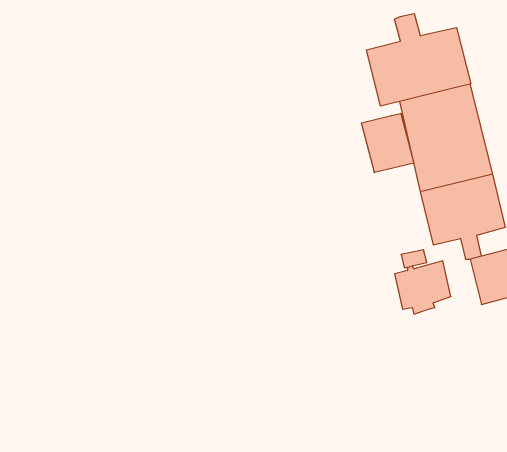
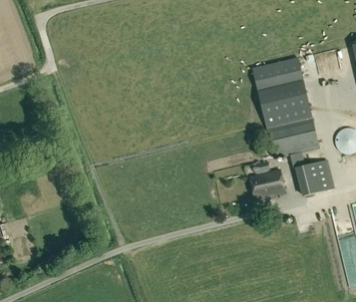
building: [367,14,471,106] -> none
building: [362,113,414,173] -> none

